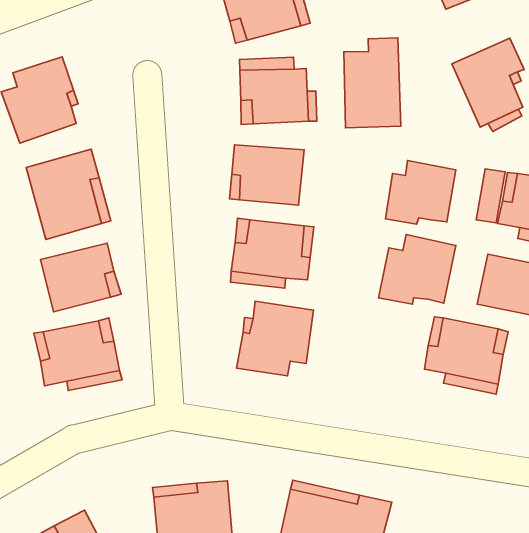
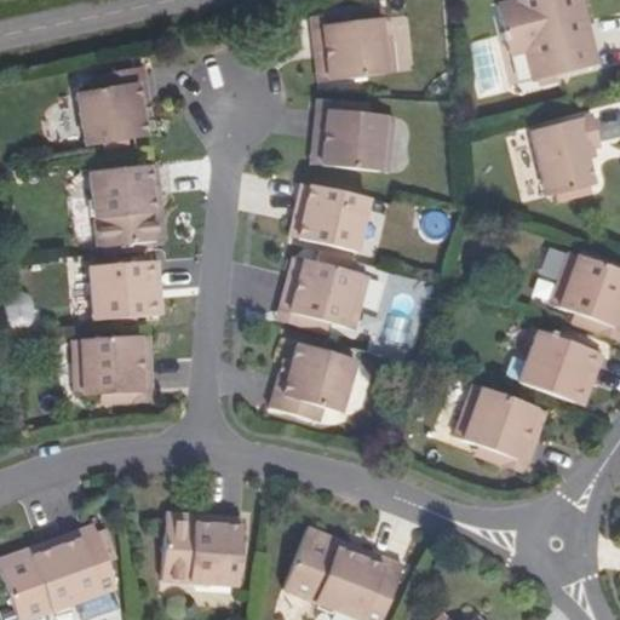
building: [344,38,401,128] -> none
building: [385,161,456,224] -> none
building: [378,235,456,304] -> none

